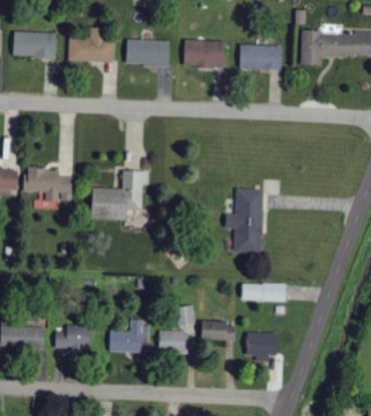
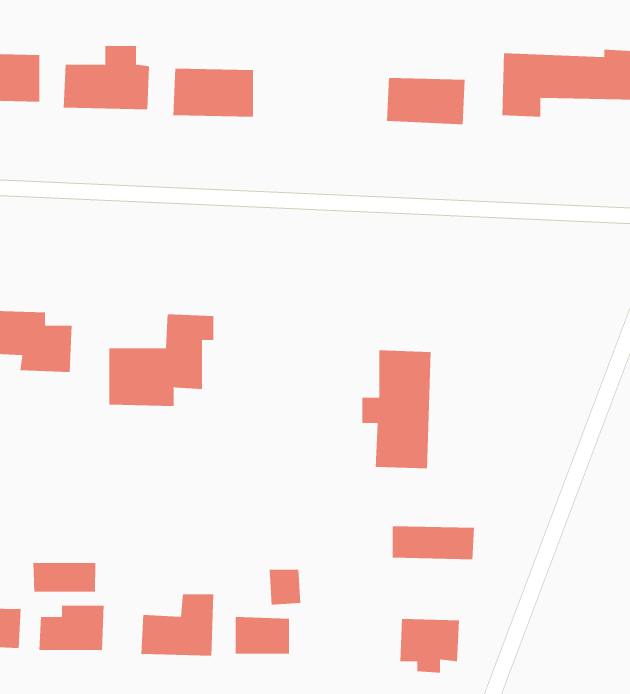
building: [183,40,224,68] -> none
building: none -> [33,562,96,593]
building: [201,321,234,340] -> none

